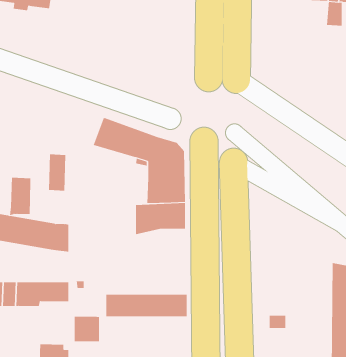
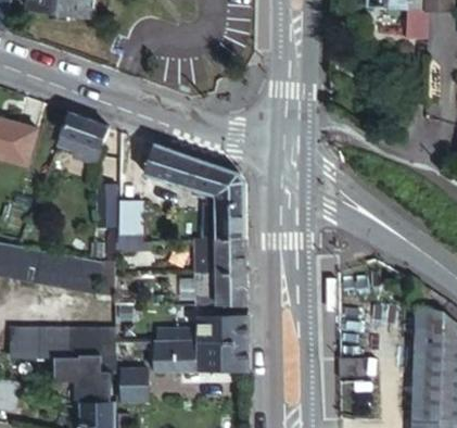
building: none -> [55,111,105,163]
building: [9,177,31,215] -> [114,200,139,243]
building: none -> [189,269,247,304]
building: none -> [155,314,249,343]
building: none -> [55,352,114,401]

